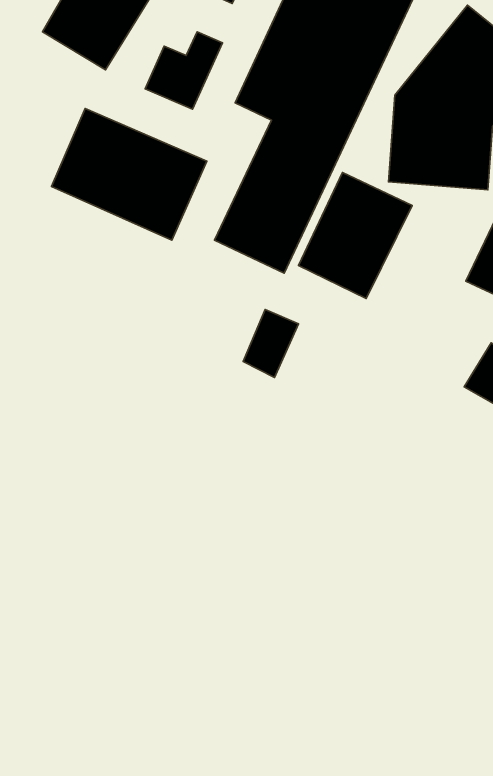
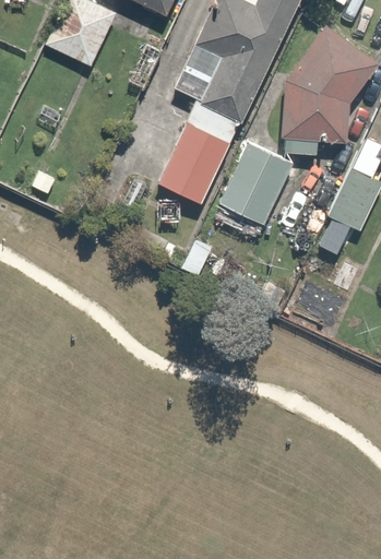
building: [51,108,207,240] -> none

